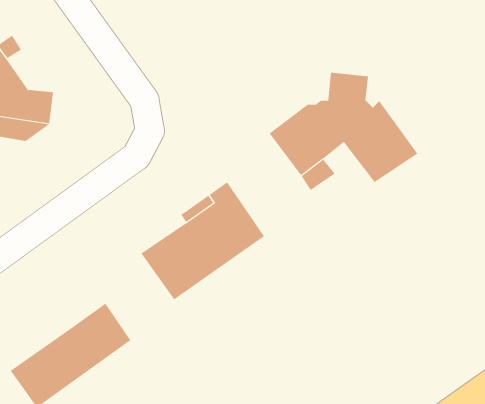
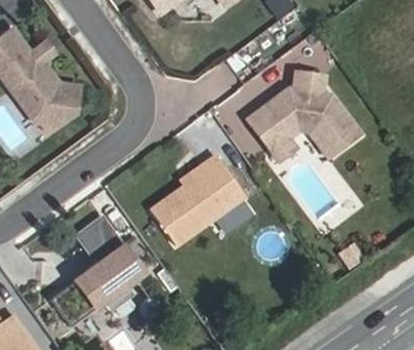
building: none -> [75,220,120,266]

